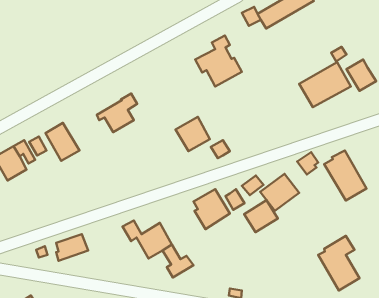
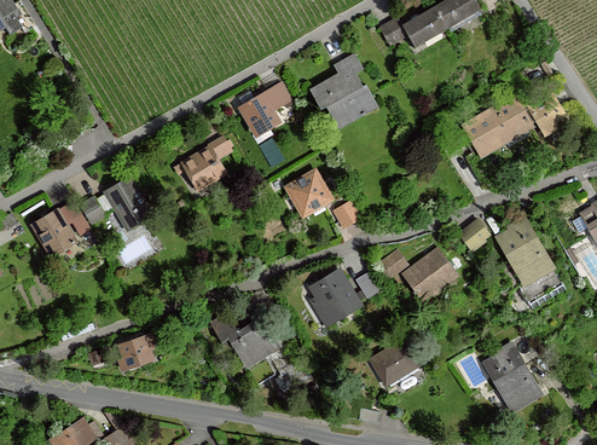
building: none -> [239,83,290,137]
building: [244,200,278,232] -> [370,341,417,386]

